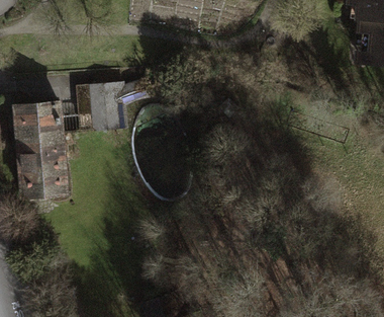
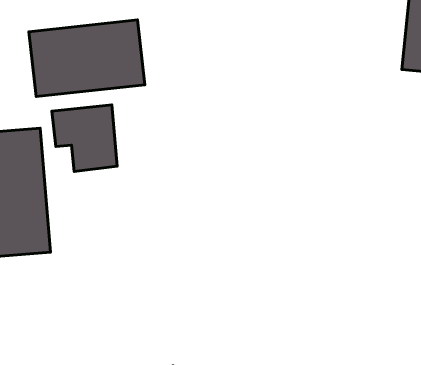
building: none -> [29,20,145,97]

